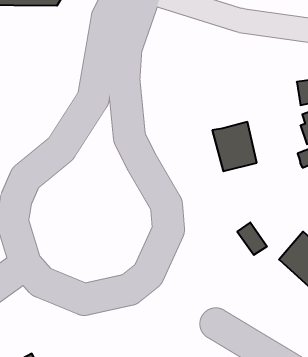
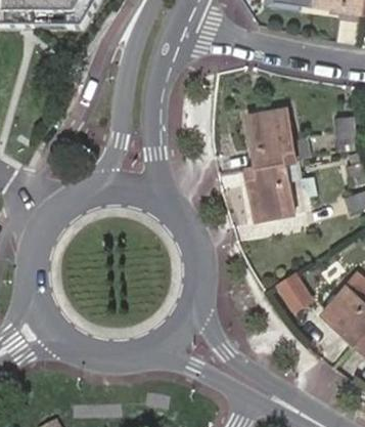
building: none -> [244,110,293,162]

